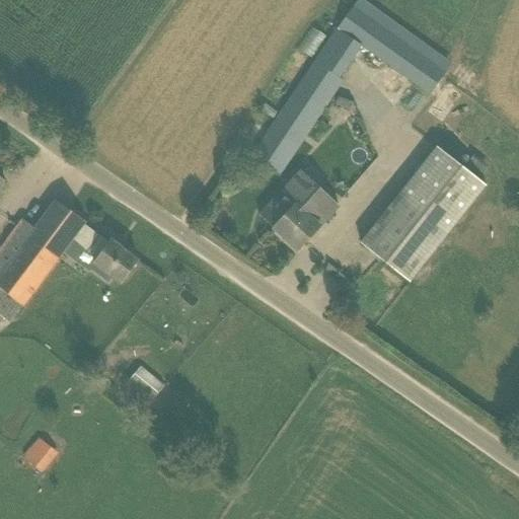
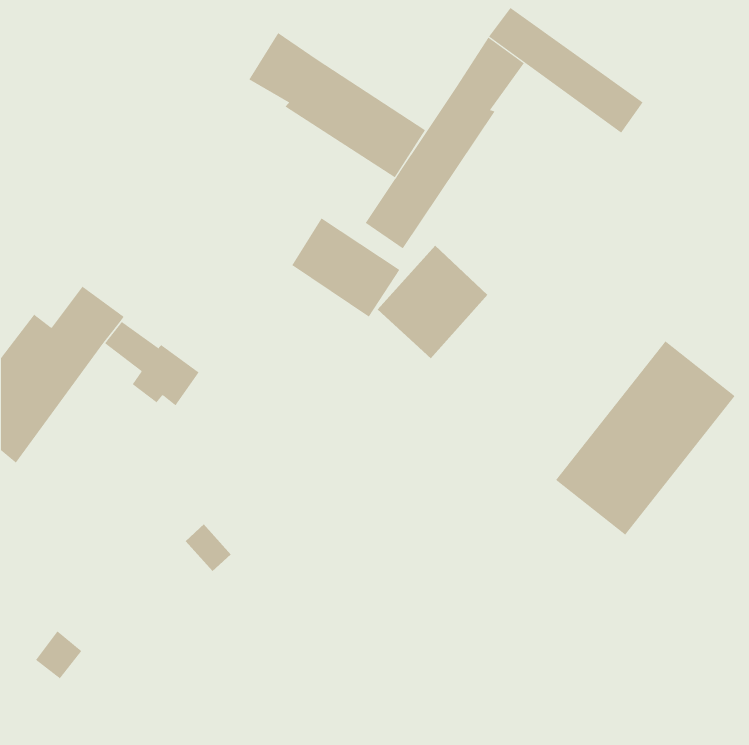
building: none -> [248,32,426,178]
building: [361,144,486,279] -> [555,340,735,535]
building: none -> [291,217,400,318]

